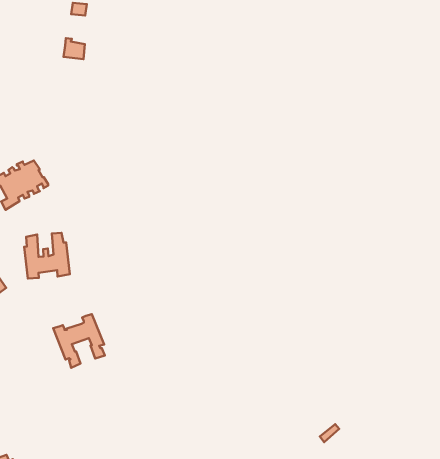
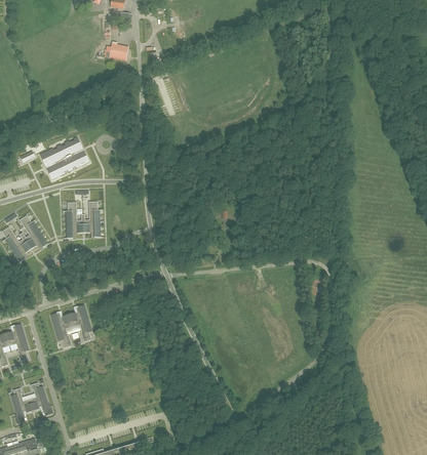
building: [53,314,105,368] -> [50,304,91,347]

